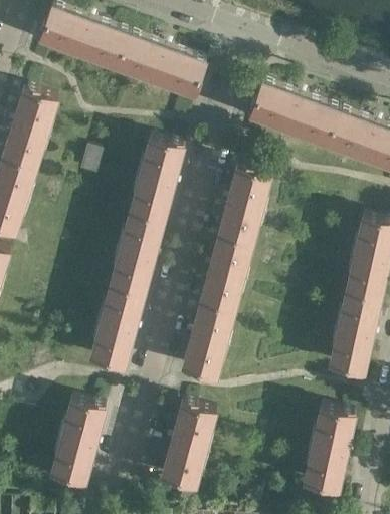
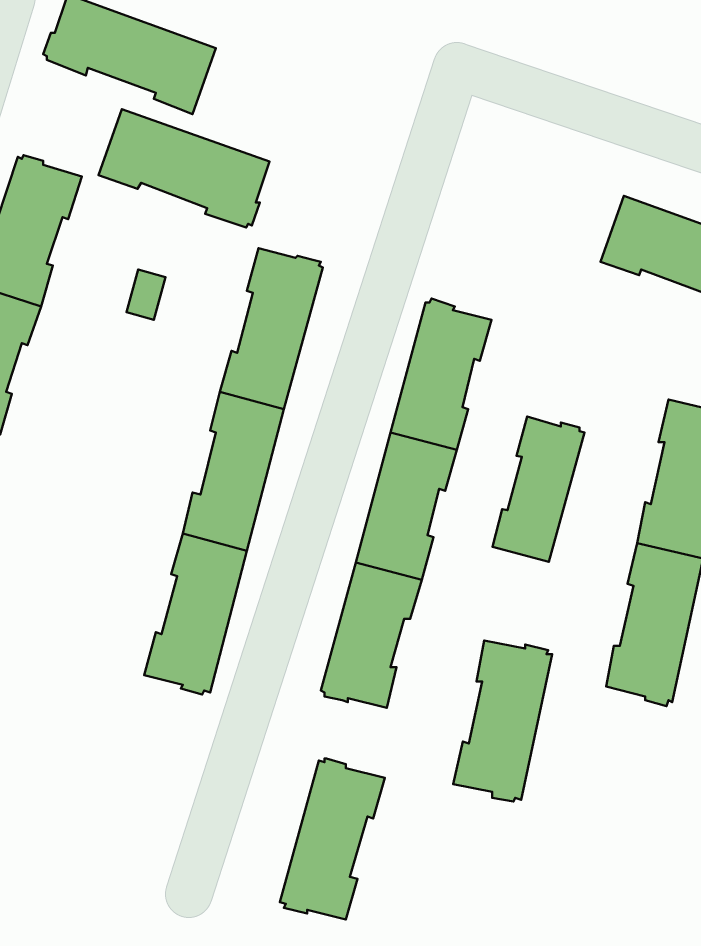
building: [115,36,203,97] -> [99,109,269,228]
building: [248,85,338,147] -> none
building: none -> [493,417,585,562]
building: [51,402,104,486] -> none
building: [303,410,354,493] -> [453,641,552,802]

